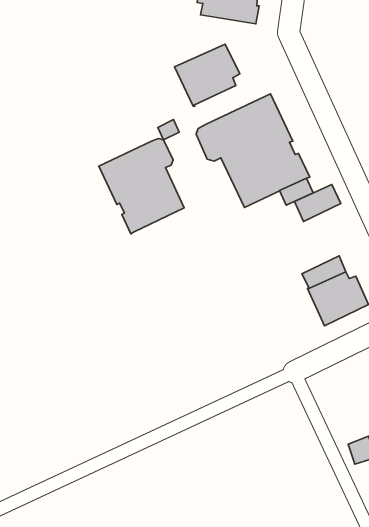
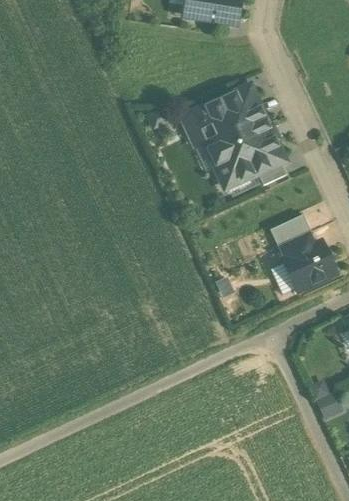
building: [174,44,240,106] -> none
building: [99,138,184,234] -> none
building: [295,184,341,222] -> [270,214,311,247]

